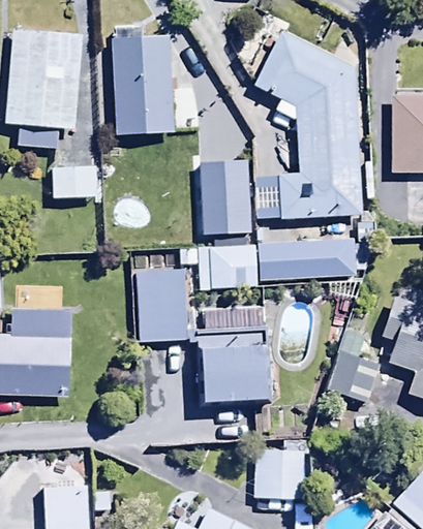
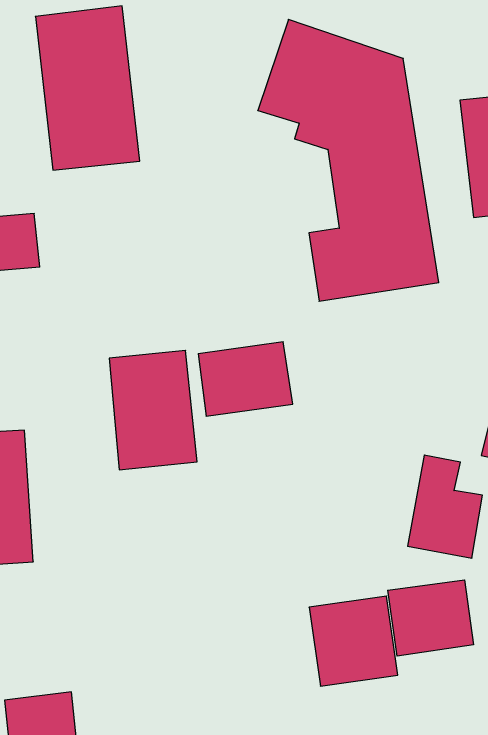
building: [199,145,247,217] -> none
building: [258,243,356,288] -> none
building: [201,314,269,407] -> none
building: none -> [388,580,473,656]

